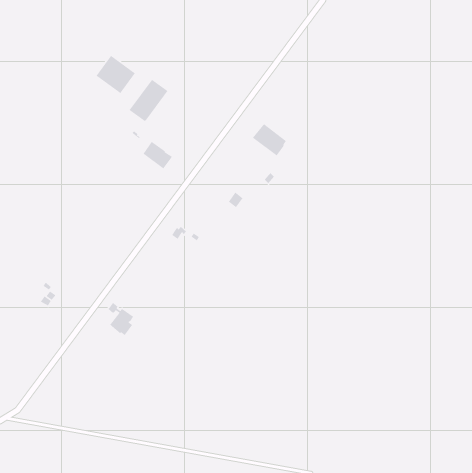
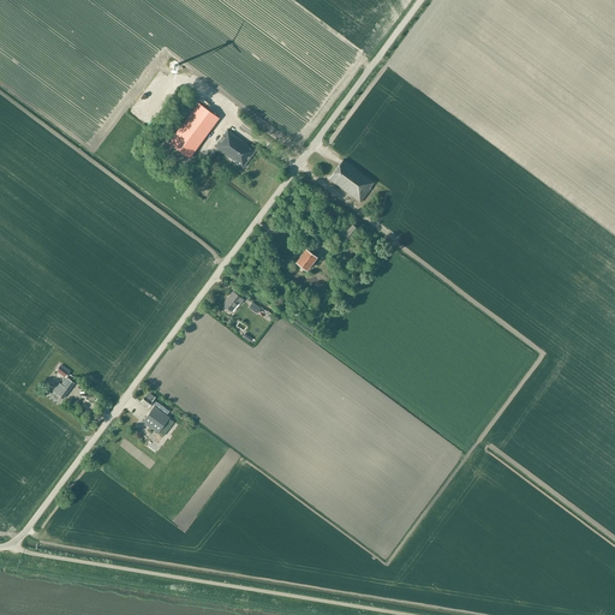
building: [95,55,136,94] -> none
building: [142,141,173,169] -> [214,130,253,167]

